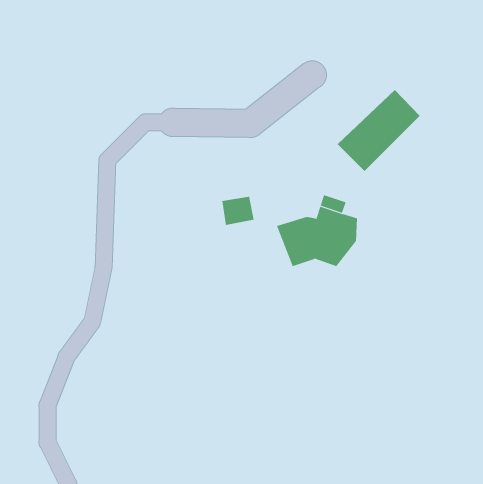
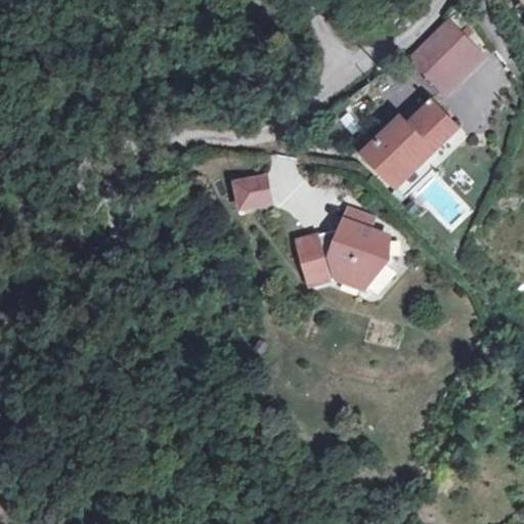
building: none -> [408,21,478,90]
building: [221,196,255,225] -> [235,175,271,207]

